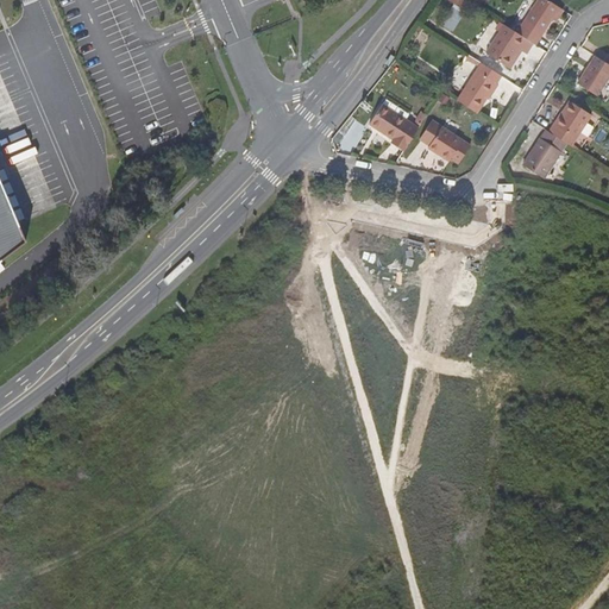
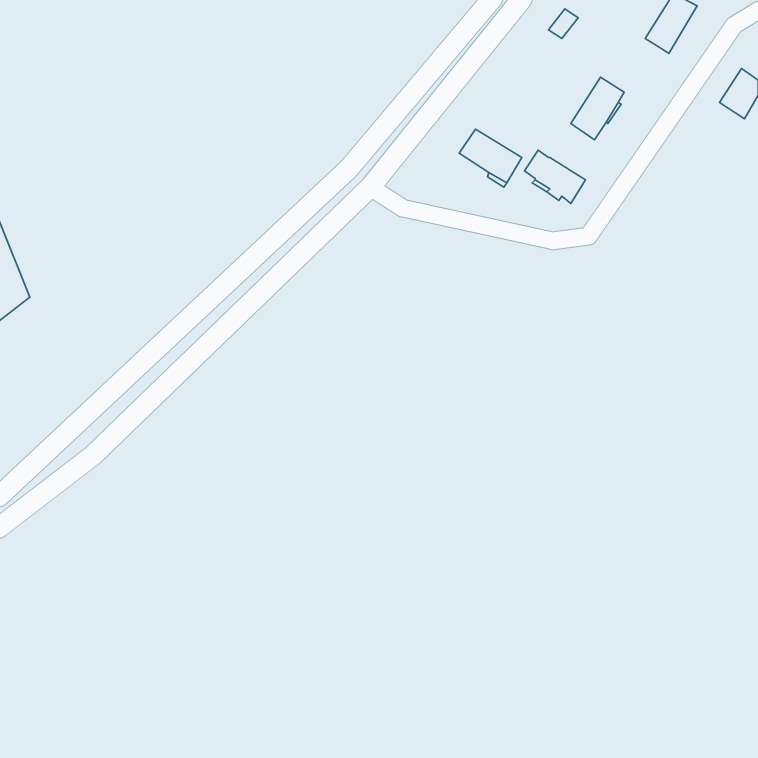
building: [485,24,532,65] -> none
building: [548,100,590,145] -> none
building: [521,137,559,177] -> none

